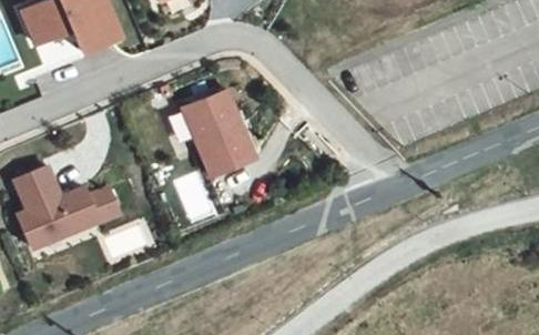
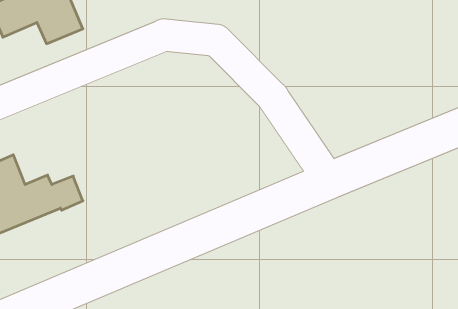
building: [183,91,255,176] -> none

